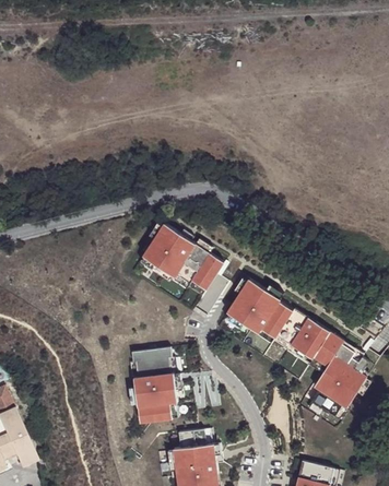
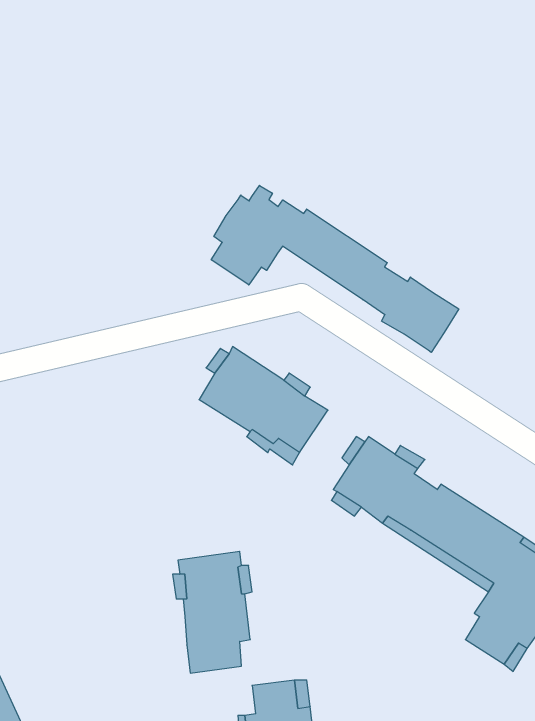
building: none -> [211,185,459,352]

